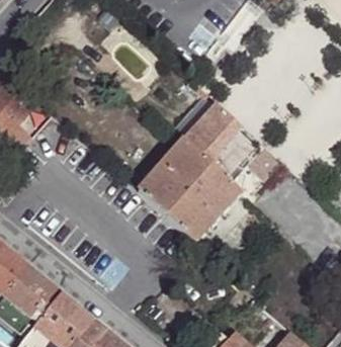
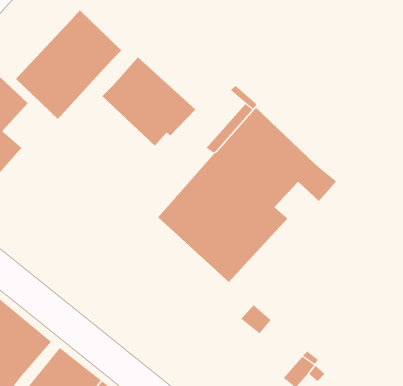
building: none -> [15,10,122,120]
building: none -> [101,56,196,146]

